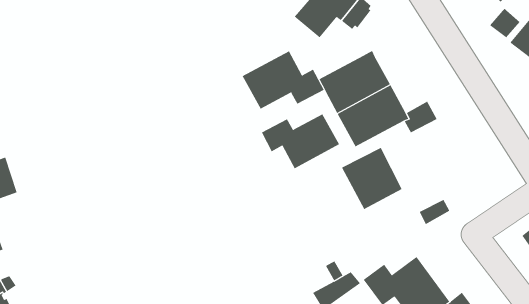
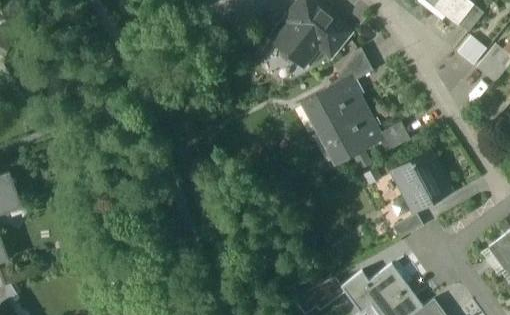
building: none -> [336,47,372,81]
building: [242,50,324,109] -> none
building: [261,113,340,169] -> none
building: [341,147,403,210] -> [391,150,448,208]

